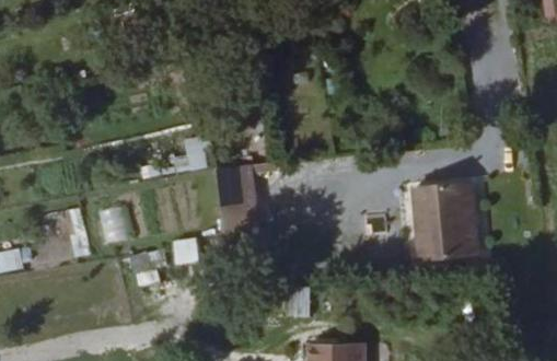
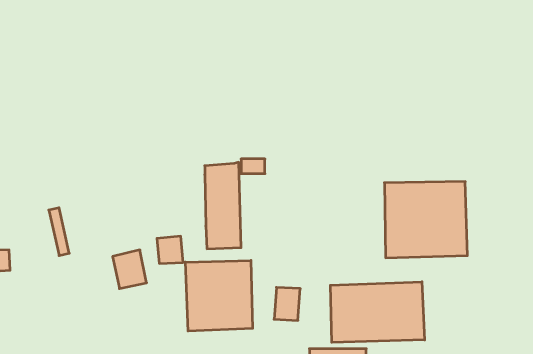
building: none -> [185,260,253,331]
building: none -> [330,282,425,342]

